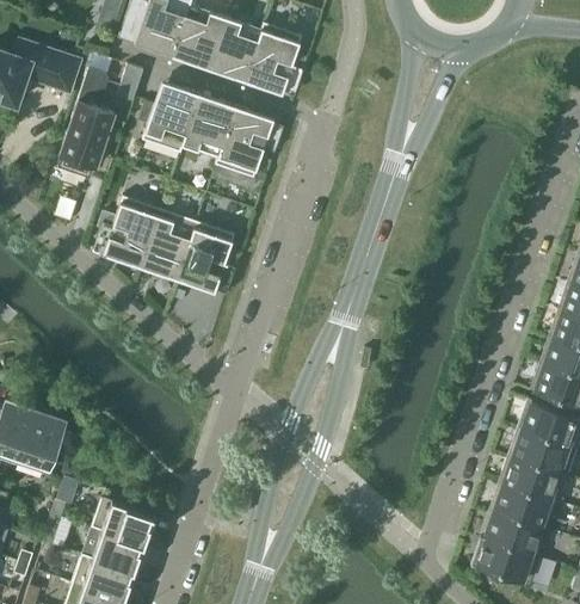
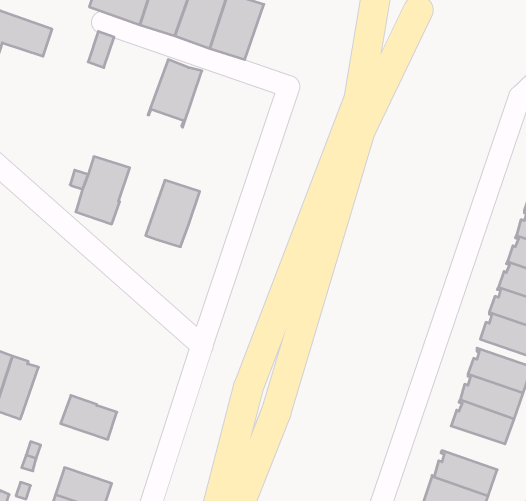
building: [60,69,113,177] -> none
building: [138,82,200,154] -> none
building: [216,107,273,179] -> none
building: [141,210,197,282] -> none
building: [490,483,557,530] -> none
building: [91,498,150,544] -> [61,395,117,439]

